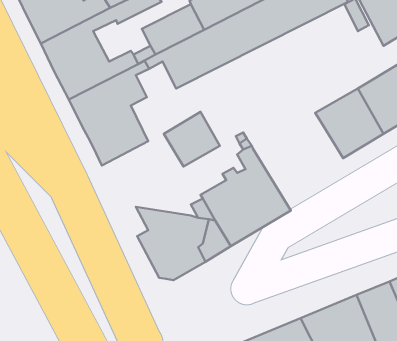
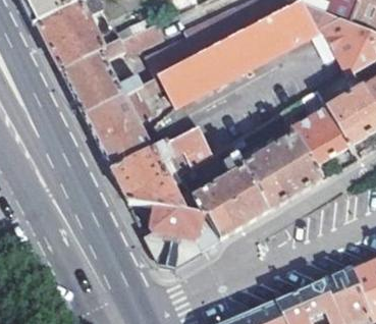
building: none -> [238,133,321,209]
building: none -> [112,145,186,213]

